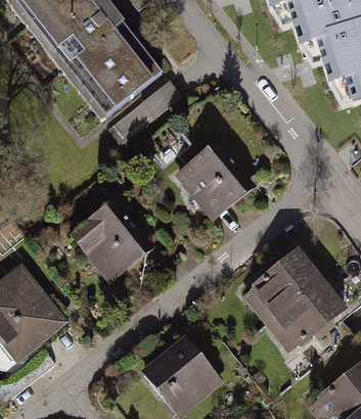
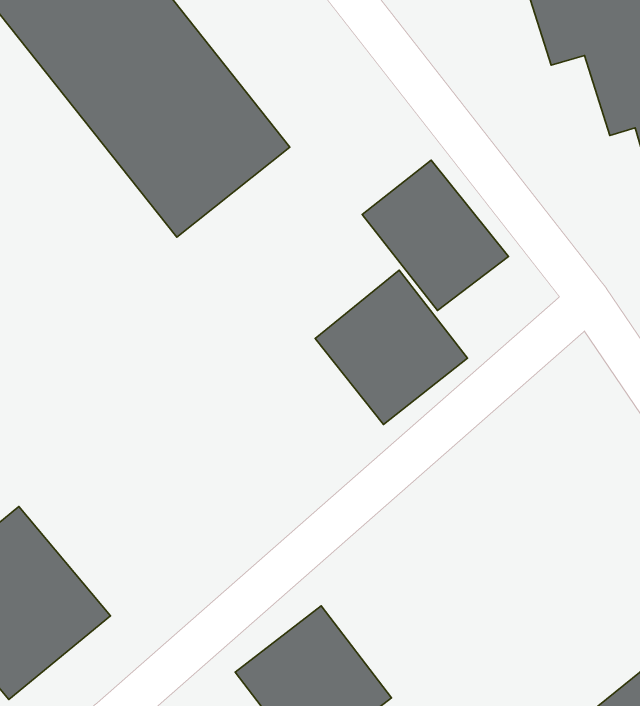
building: none -> [362,160,508,310]
building: [73,218,151,299] -> none
building: [239,239,344,343] -> none

